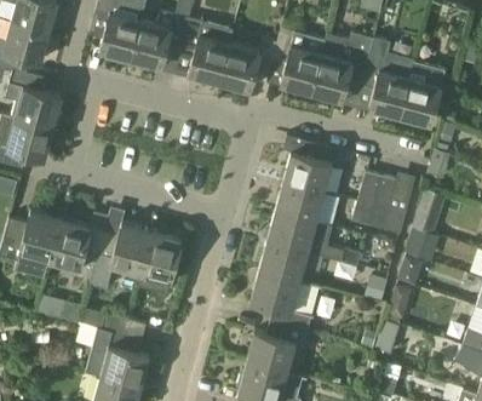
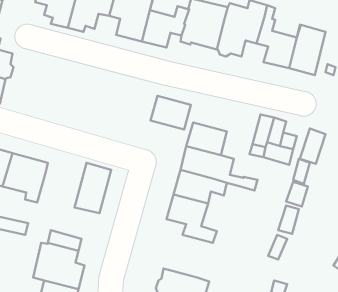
building: [282,151,332,193] -> [150,96,191,129]
building: [90,223,151,291] -> none
building: [246,320,306,372] -> none

